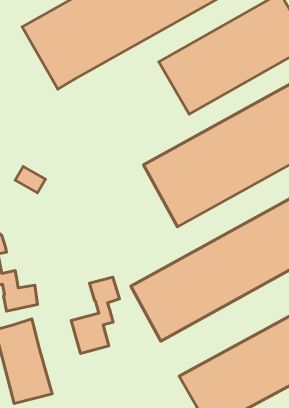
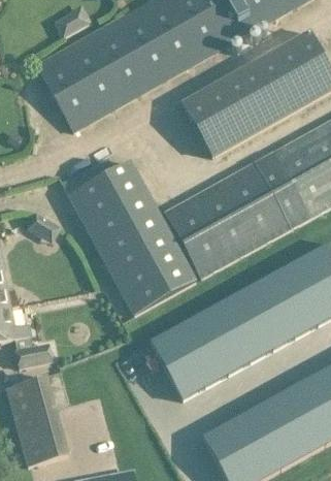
building: none -> [69,161,198,316]
building: [71,277,119,354] -> none

